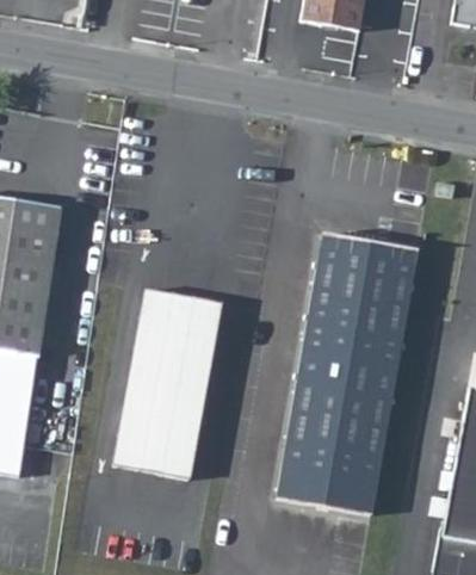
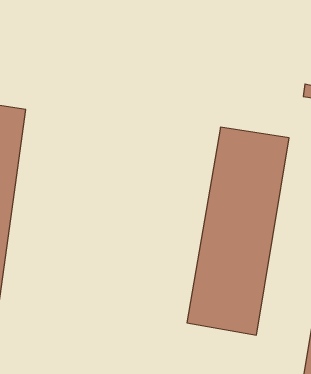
building: [112,288,221,478] -> none

